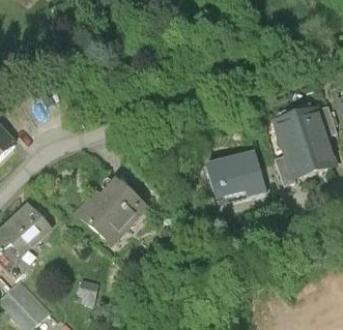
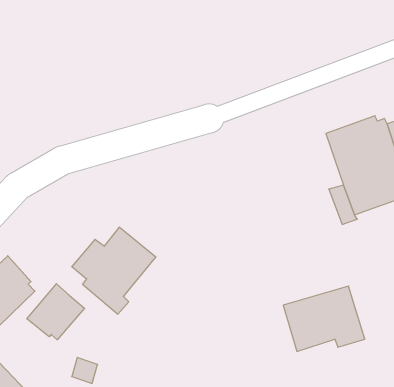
building: [205,152,267,202] -> [283,286,365,351]
building: none -> [27,284,85,340]

